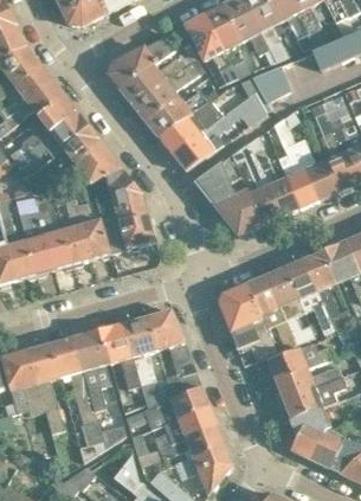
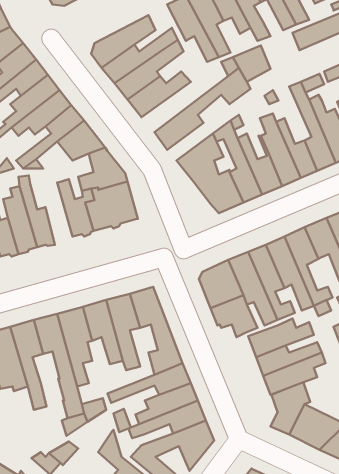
building: [160,101,223,153] -> none
building: [63,198,90,266] -> none

